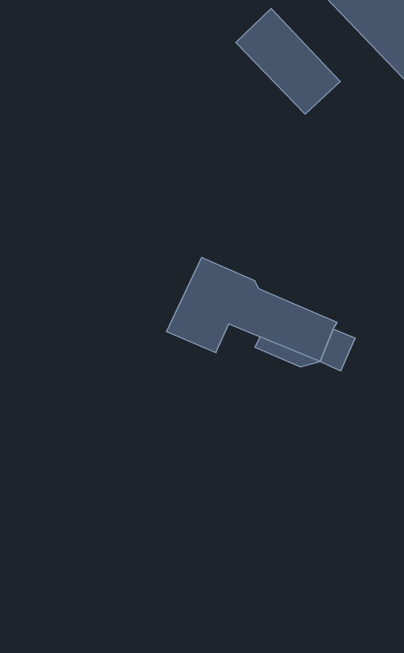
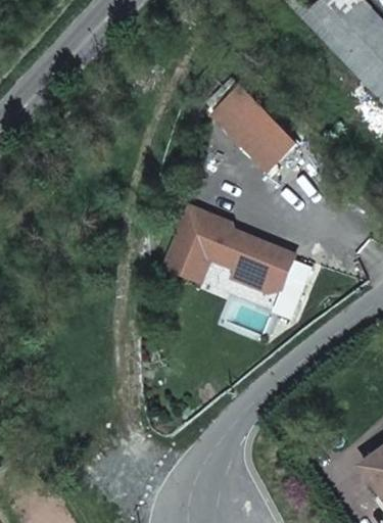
building: [236,8,340,114] -> [216,86,297,169]

